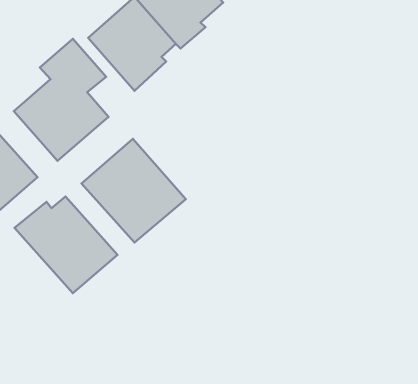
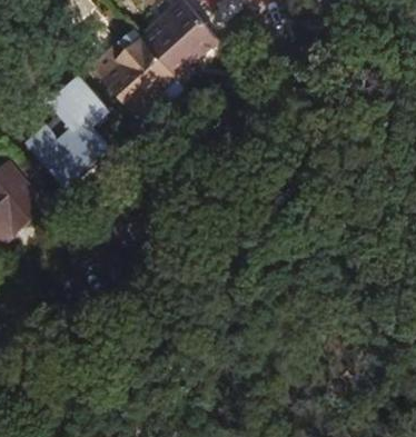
building: [82,139,186,243] -> none
building: [14,196,117,293] -> none

